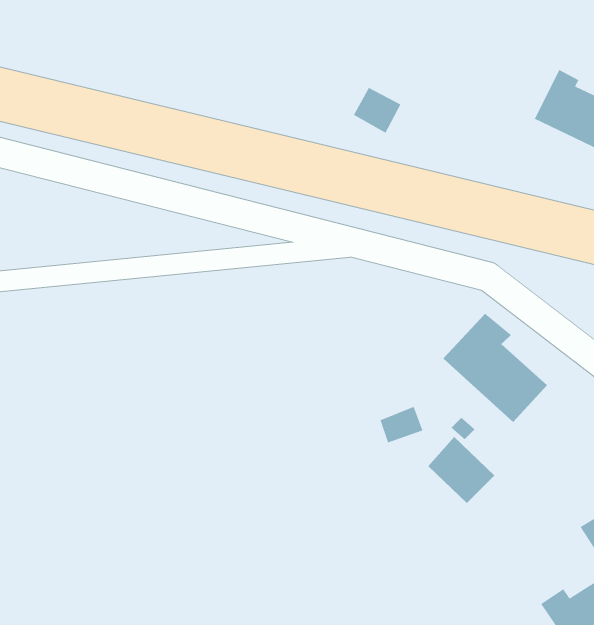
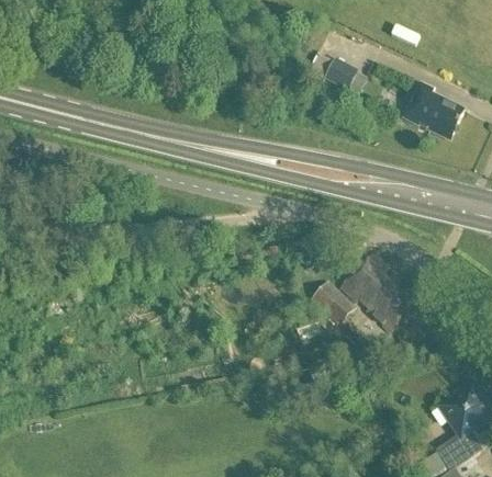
building: [353,87,402,134] -> [326,58,360,91]
building: [427,436,495,504] -> [312,279,359,326]

